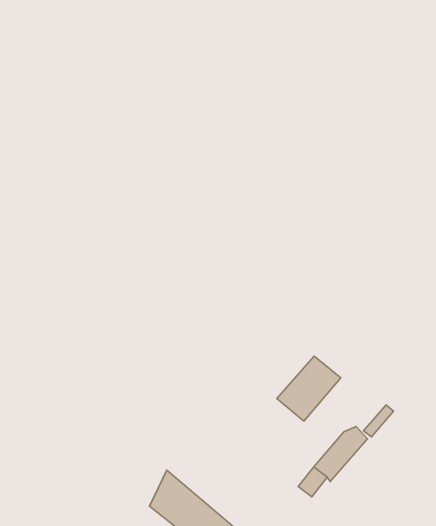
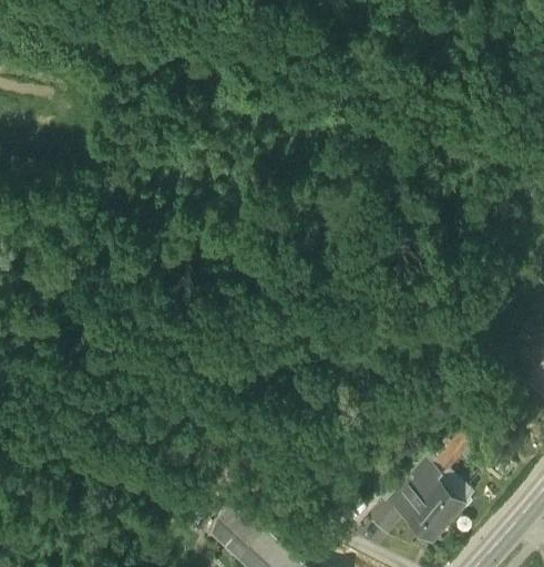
building: [277,356,341,421] -> [406,471,474,540]

